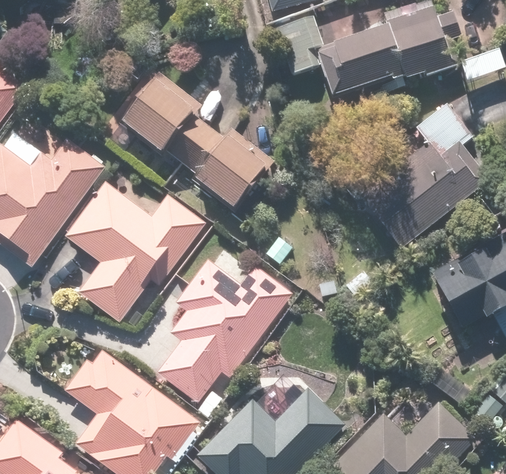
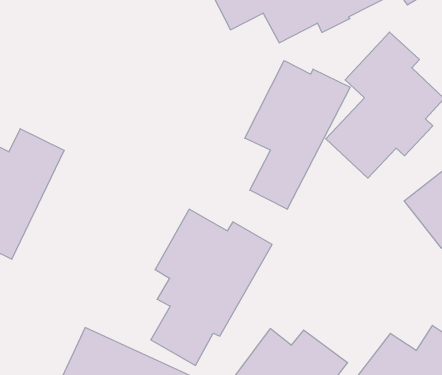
building: [119,75,275,212] -> none
building: none -> [245,61,350,209]
building: [66,183,203,322] -> none

